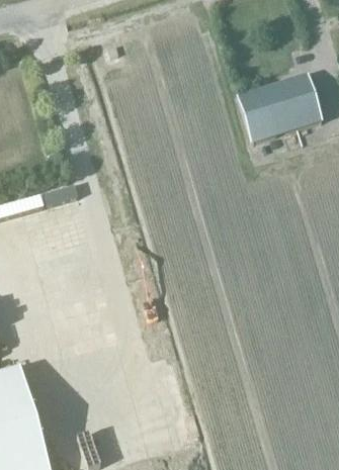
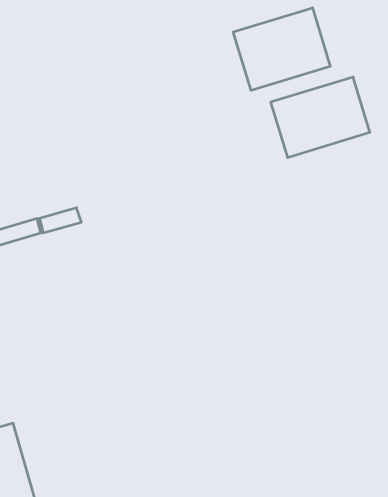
building: none -> [233,8,330,90]

